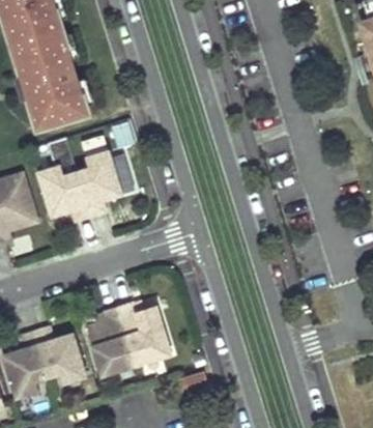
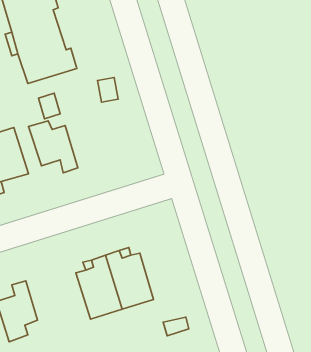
building: [76,151,120,217] -> none
building: [34,330,85,384] -> none

